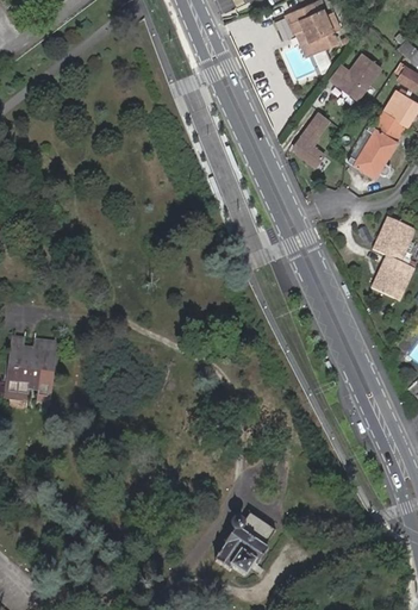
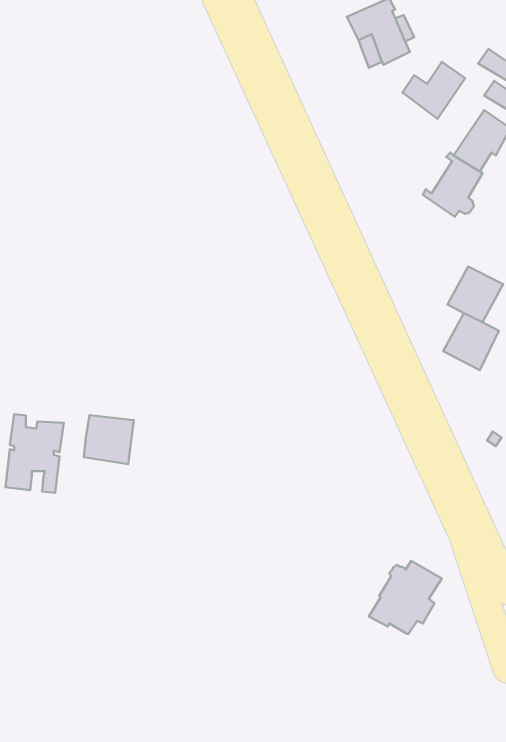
building: [294,112,330,167] -> none
building: none -> [84,415,134,464]
building: [216,515,275,574] -> [369,561,442,634]

